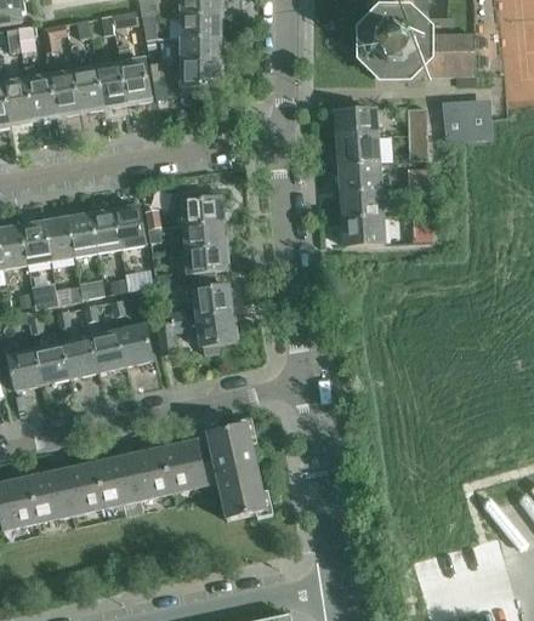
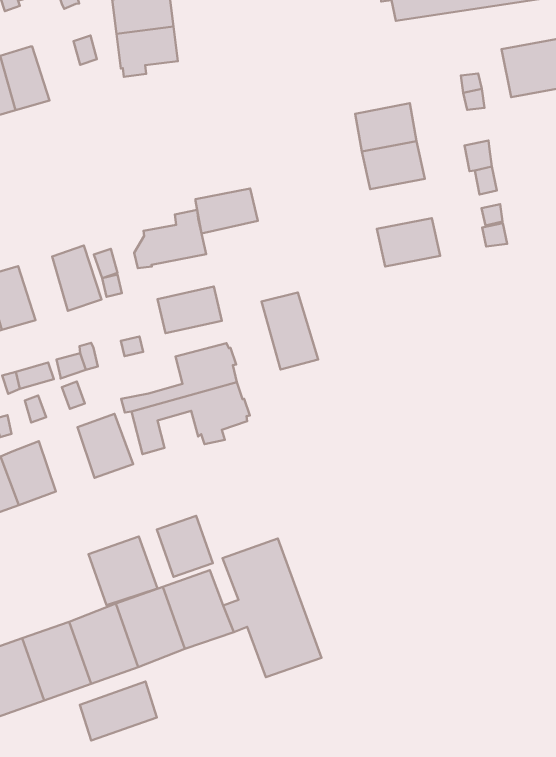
building: [118,51,150,102] -> none
building: [336,109,376,138] -> none
building: [341,189,381,220] -> none
building: [91,210,121,252] -> none
building: [183,222,225,249] -> [195,188,258,233]
building: none -> [262,292,318,369]
building: [90,330,125,372] -> none
building: none -> [157,516,213,577]
building: none -> [89,536,158,605]
building: none -> [80,682,157,741]

